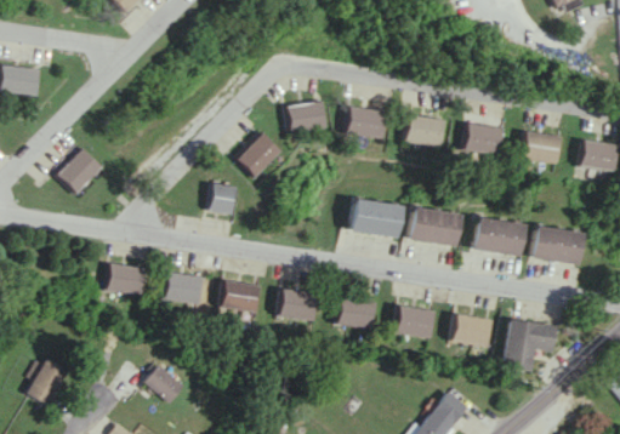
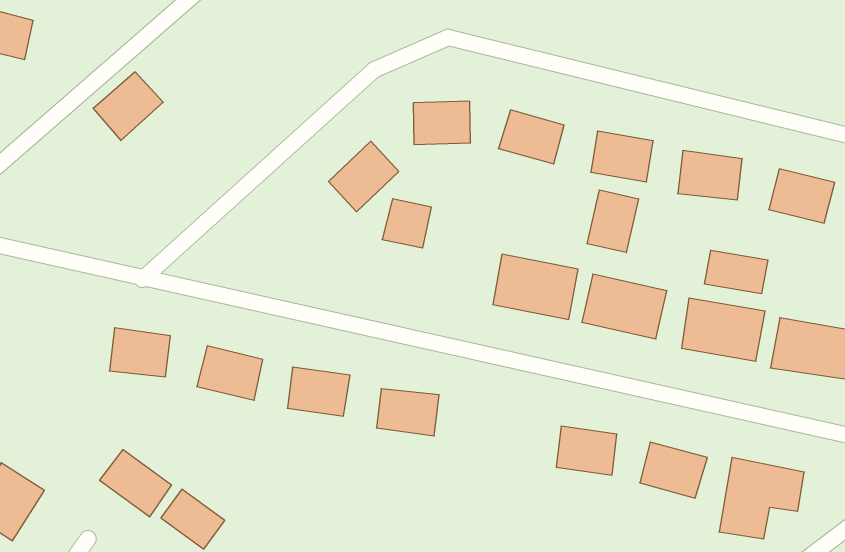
building: [56,149,101,194] -> [93,72,163,141]
building: none -> [587,190,638,253]
building: [204,183,234,213] -> [382,199,431,248]
building: none -> [705,250,768,294]
building: [335,297,376,329] -> none
building: none -> [100,450,171,517]

